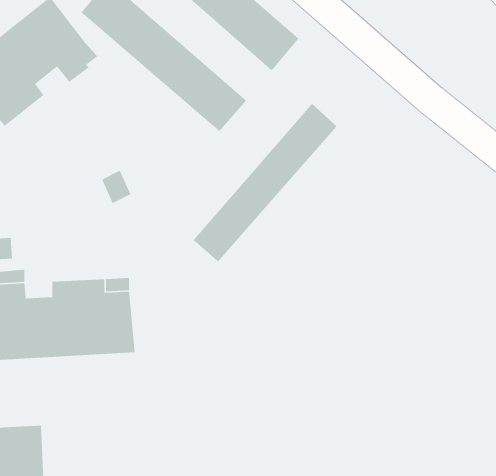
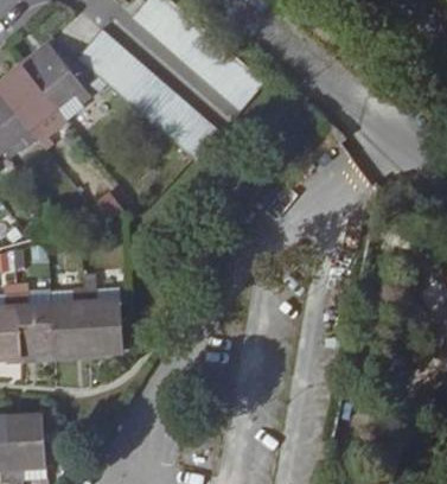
building: [193,103,337,262] -> none

